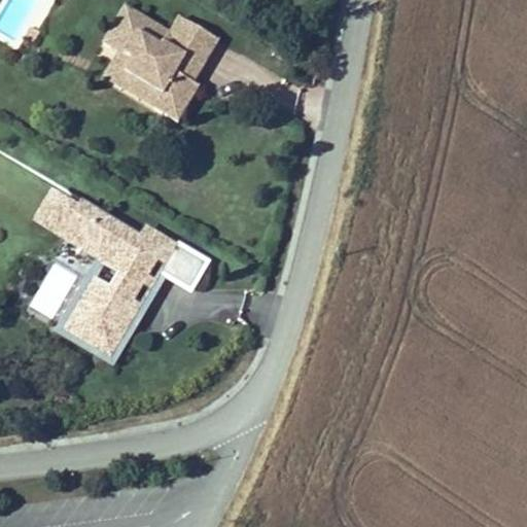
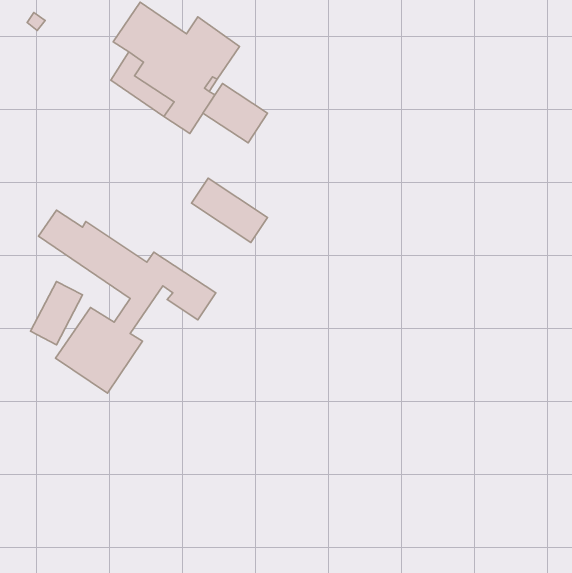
building: none -> [203,84,268,143]
building: none -> [192,178,267,243]

